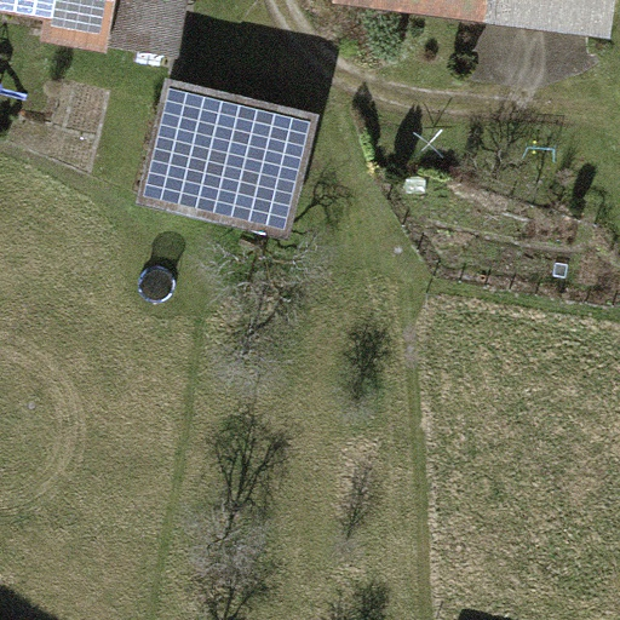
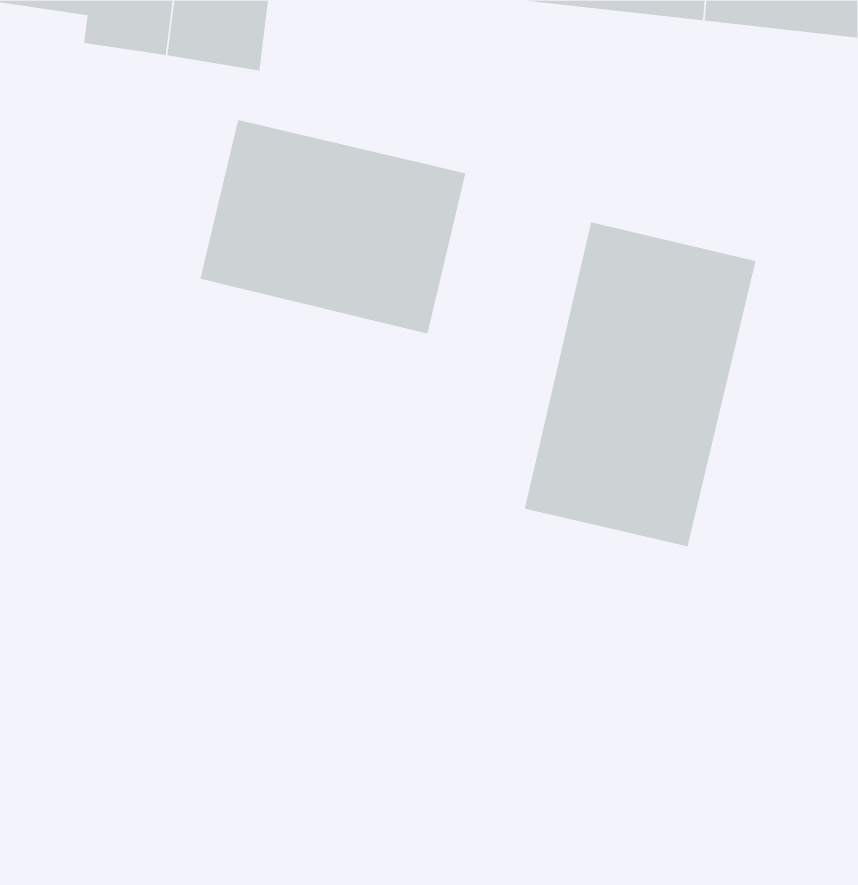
building: none -> [524,221,756,547]

